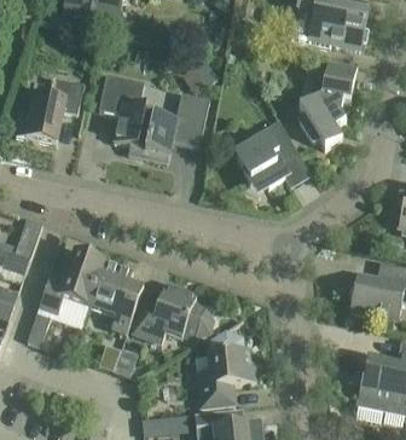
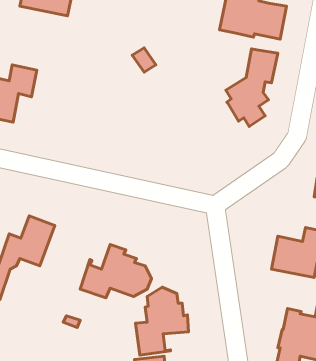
building: [98,73,209,157] -> none
building: [232,123,297,187] -> none
building: [86,260,134,335] -> none

